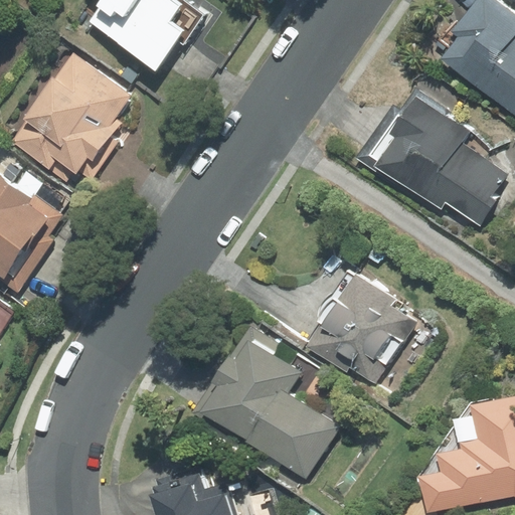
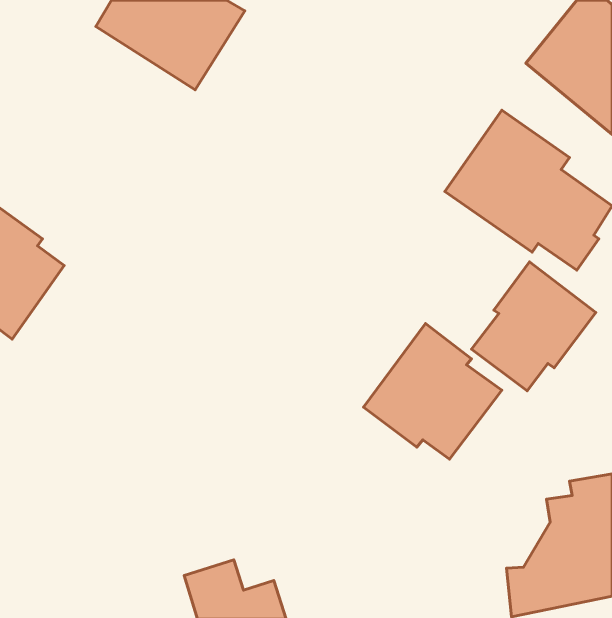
building: [9,51,135,186] -> none
building: none -> [471,262,596,391]
building: [202,338,340,480] -> none

